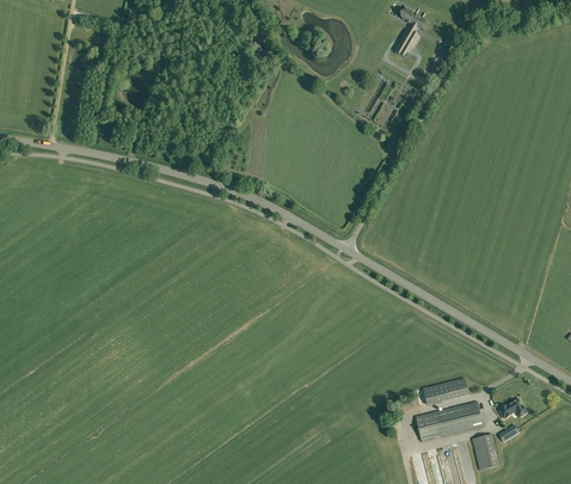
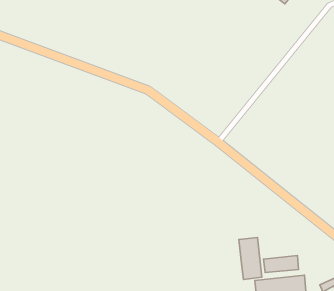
building: none -> [239,237,262,279]

